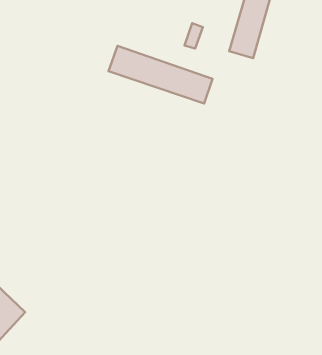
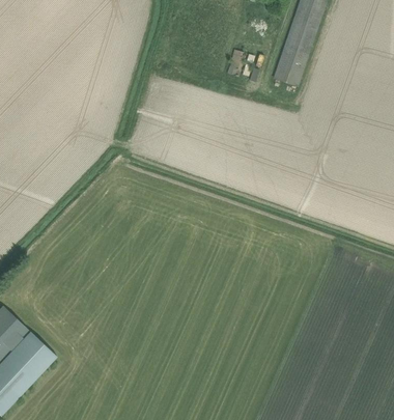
building: [108,46,212,103] -> none

